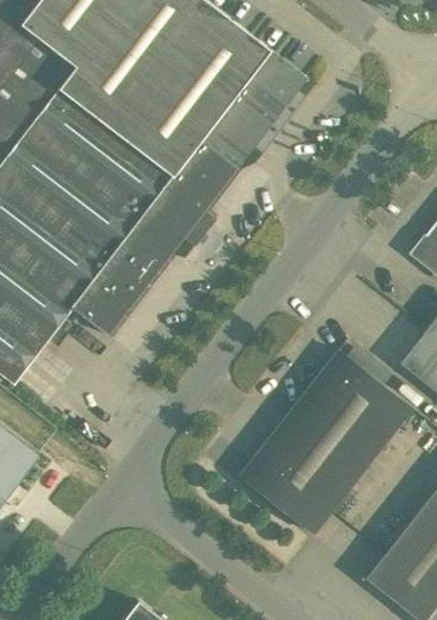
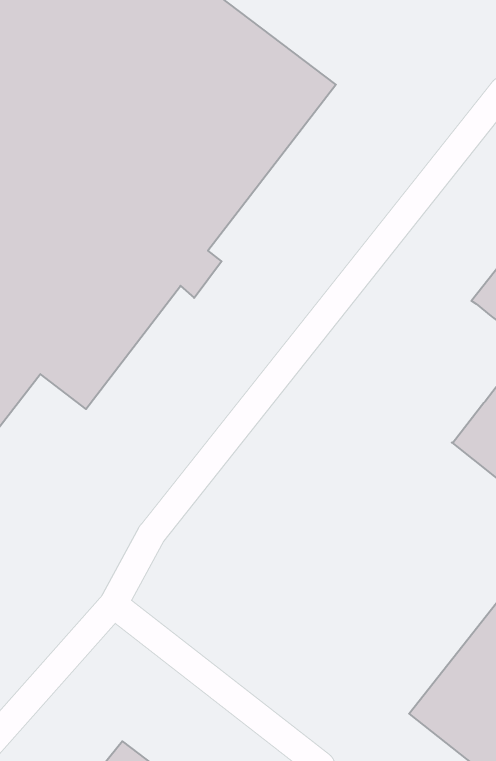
building: [240,350,412,533] -> none

